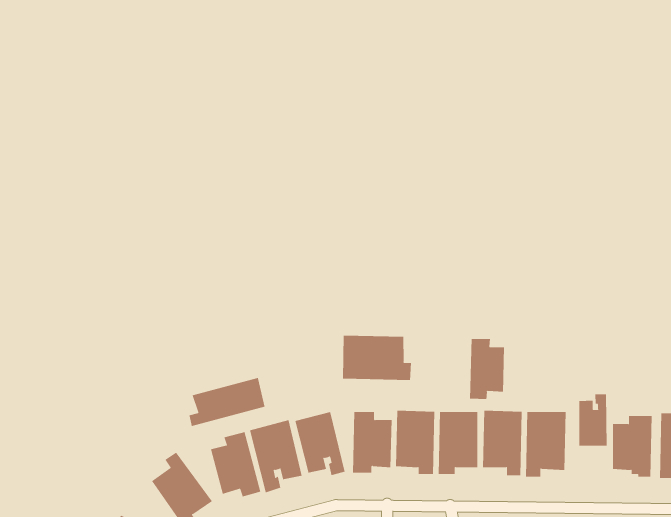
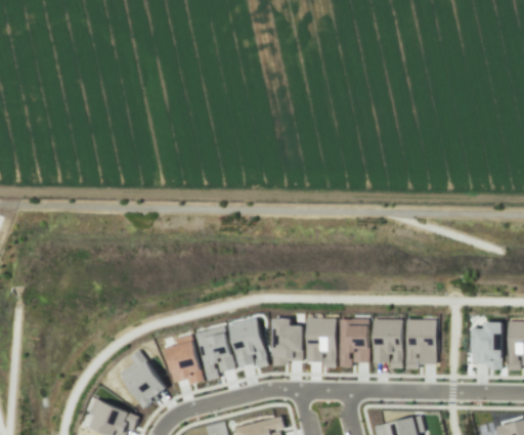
building: [343,335,411,381] -> none
building: [470,338,504,400] -> none
building: [189,377,265,427] -> none
building: [579,393,607,447] -> none

